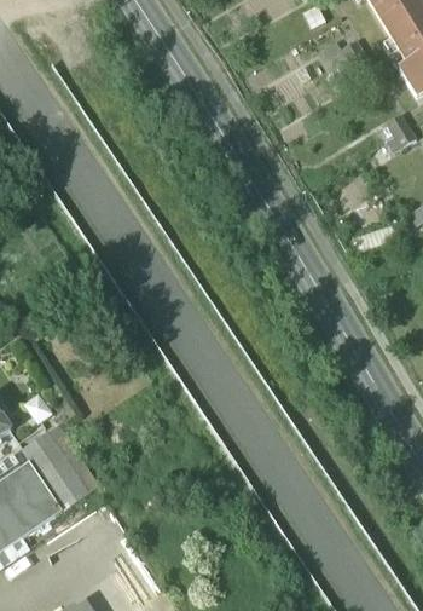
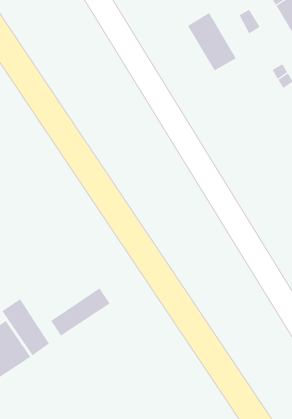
building: none -> [187,12,236,71]
building: none -> [51,287,110,337]

